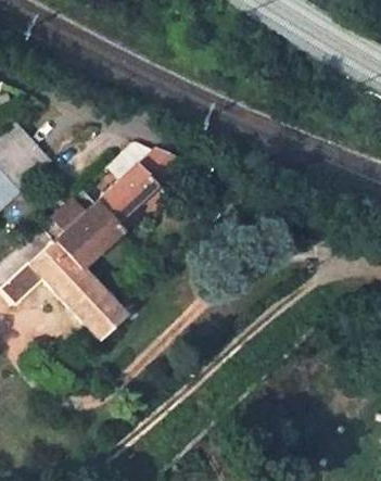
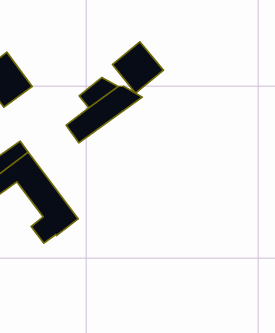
building: none -> [113,42,164,93]
building: [46,191,124,270] -> none

